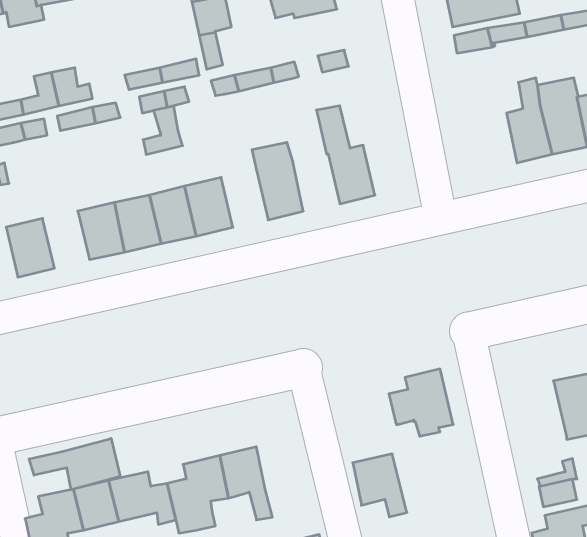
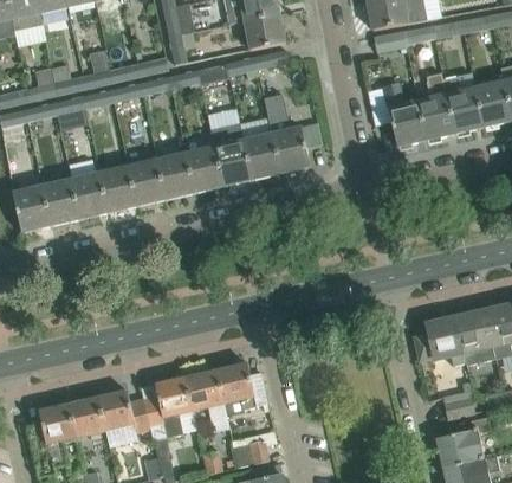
building: none -> [246,15,286,50]
building: none -> [383,83,426,146]
building: [143,106,183,154] -> [80,49,112,88]
building: none -> [245,133,283,179]
building: none -> [187,146,225,192]
building: none -> [43,179,80,225]
building: [389,369,453,436] -> [414,316,466,371]
building: [29,438,120,490] -> none
building: [353,454,407,517] -> [215,362,259,413]

